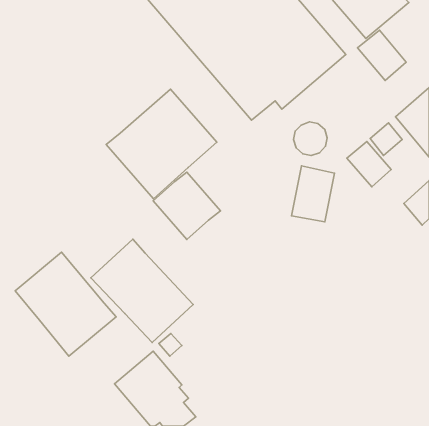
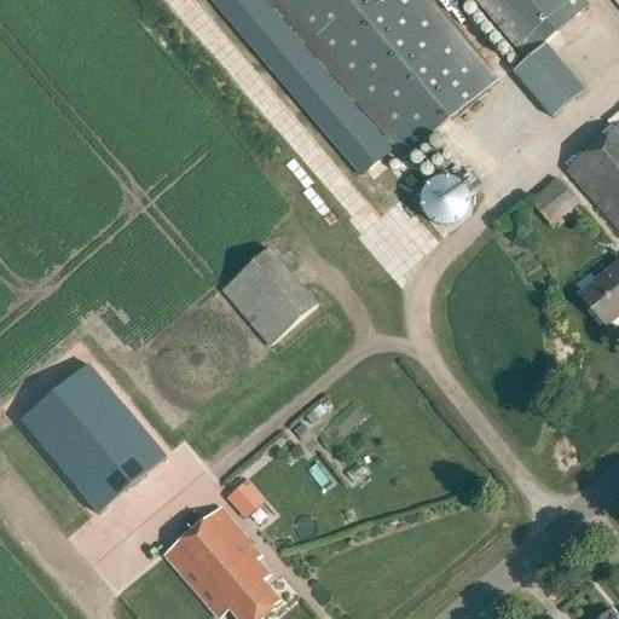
building: [106,89,217,199] -> none
building: [347,141,391,187] -> none
building: [291,166,334,222] -> none
building: [91,239,193,343] -> none

